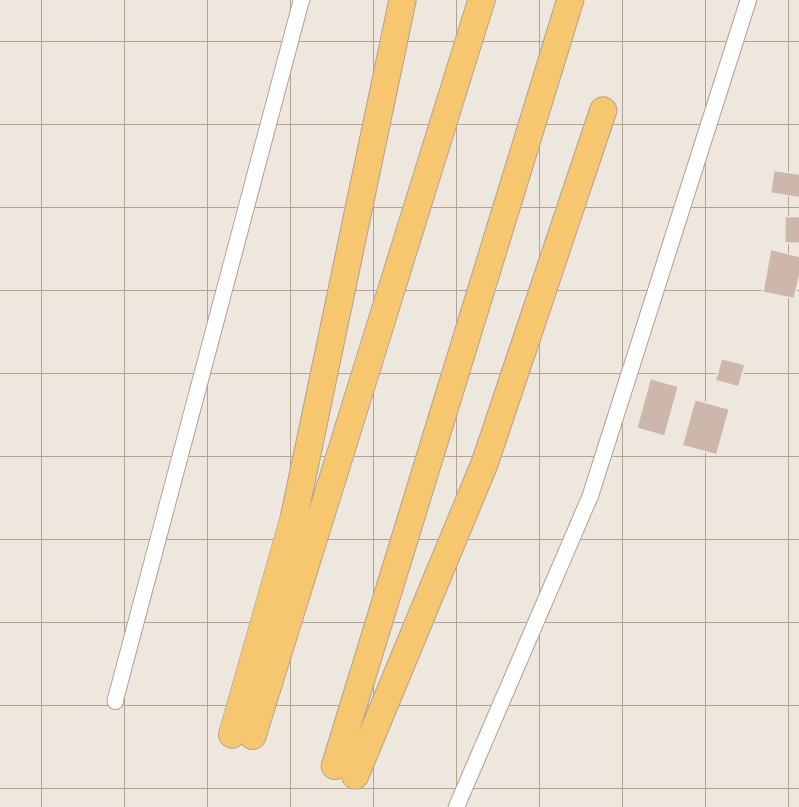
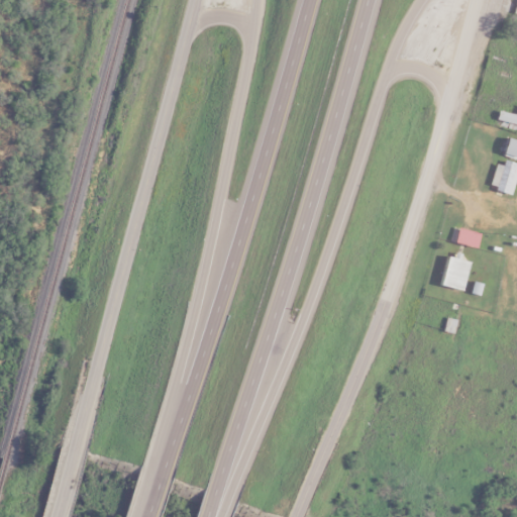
building: [637,378,679,436] -> none

